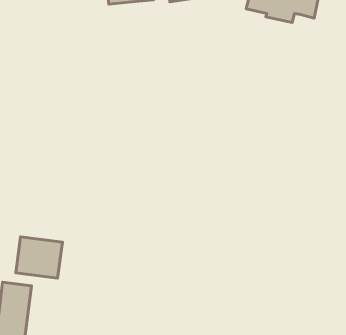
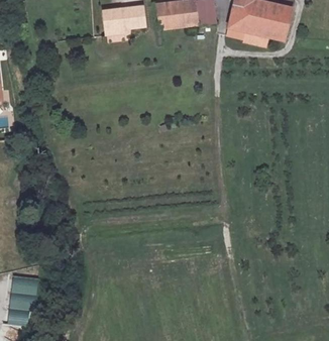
building: [16,237,62,278] -> none

